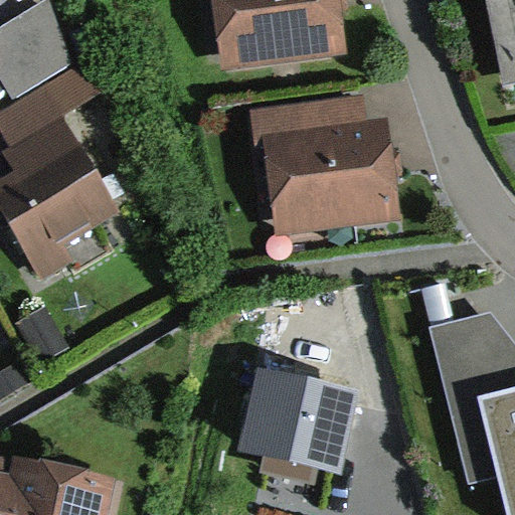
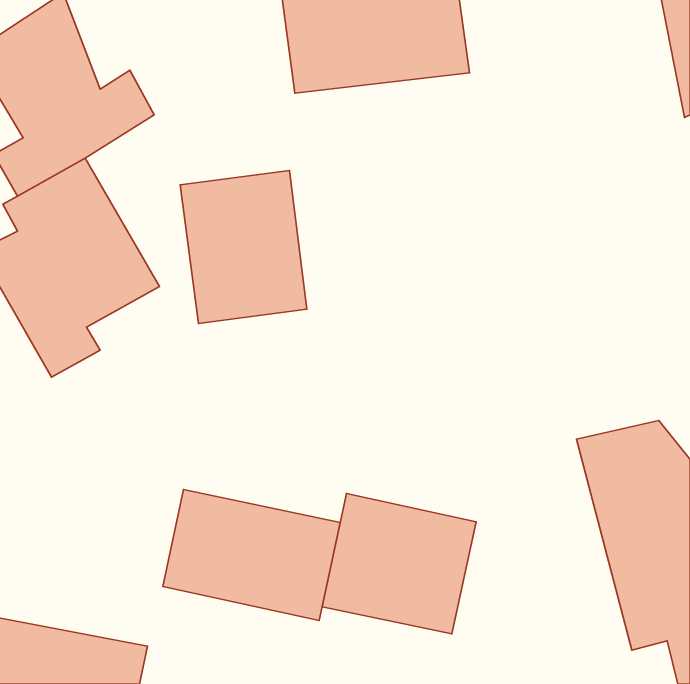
building: [250,95,399,230] -> none
building: none -> [180,171,307,323]
building: none -> [163,490,340,621]

